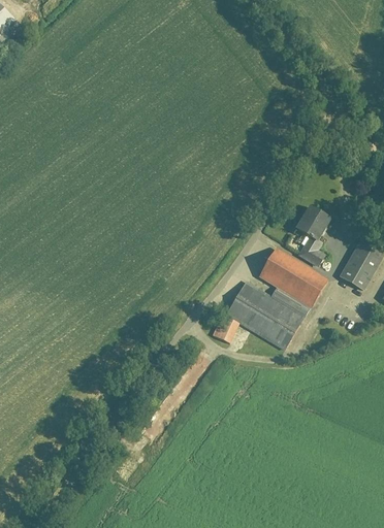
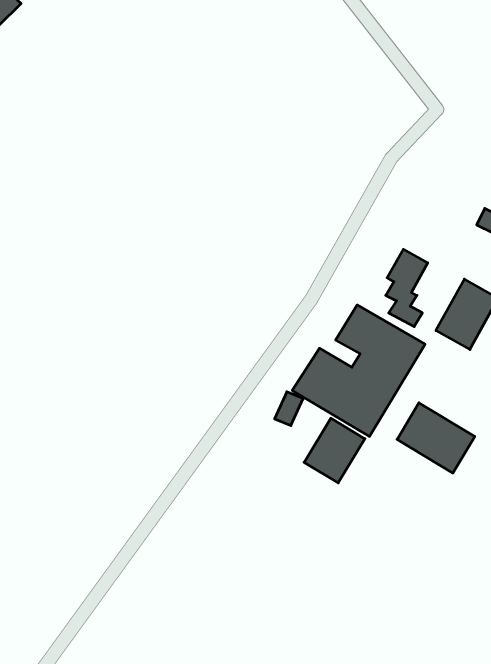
building: none -> [397,403,475,473]
building: none -> [304,418,365,483]

